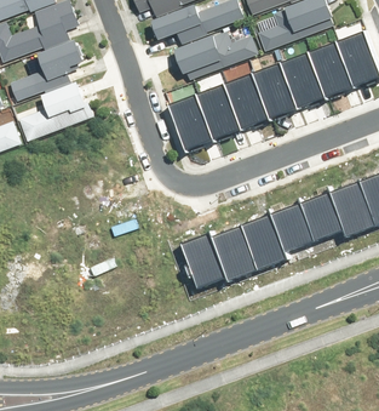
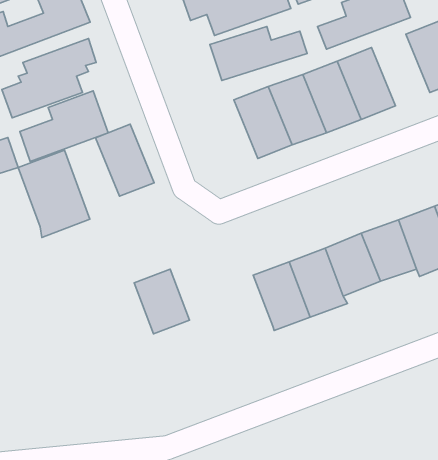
building: [308,39,355,97] -> none
building: [168,92,216,150] -> [96,124,154,196]
building: none -> [18,150,90,238]
building: [183,234,228,286] -> [134,269,190,334]

